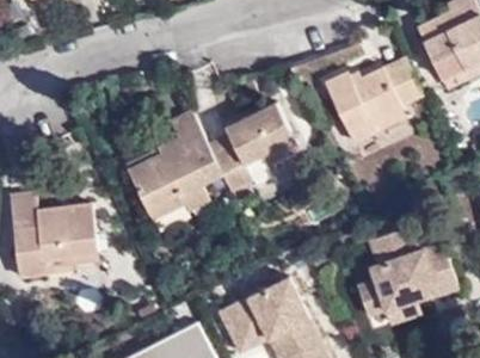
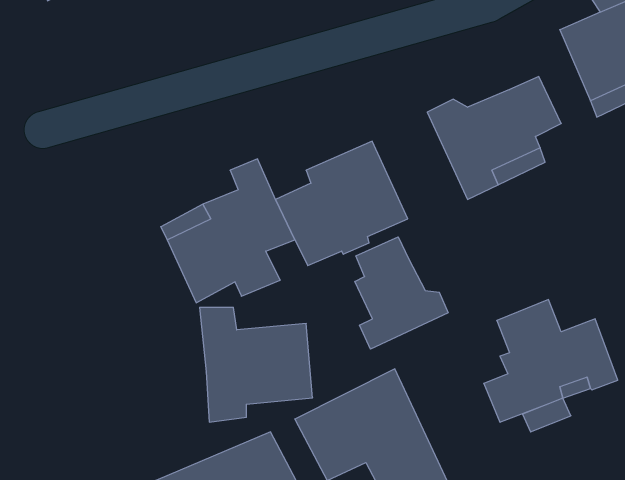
building: none -> [355,237,448,349]
building: [12,198,96,283] -> [200,307,313,422]

